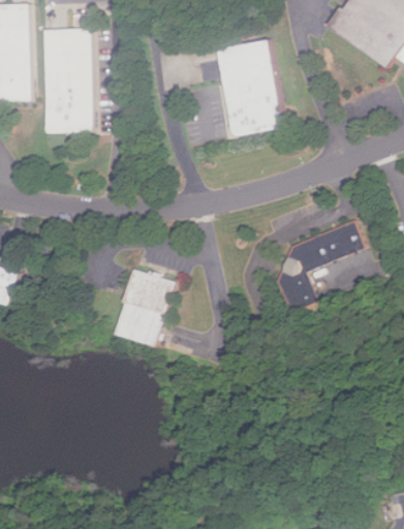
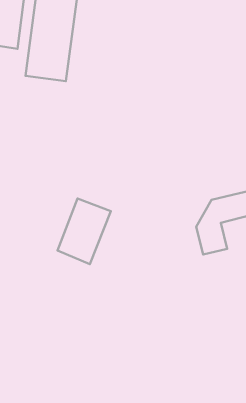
building: [216,39,282,136] -> none

